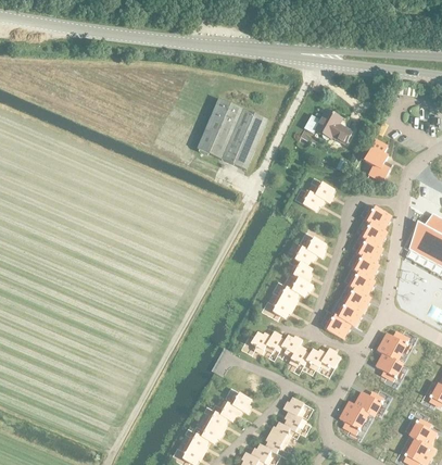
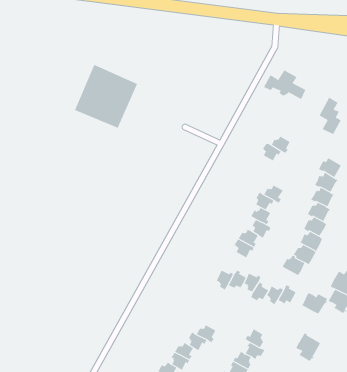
building: [197,98,267,169] -> [74,64,138,129]
building: [352,391,382,415] -> [300,293,328,314]

